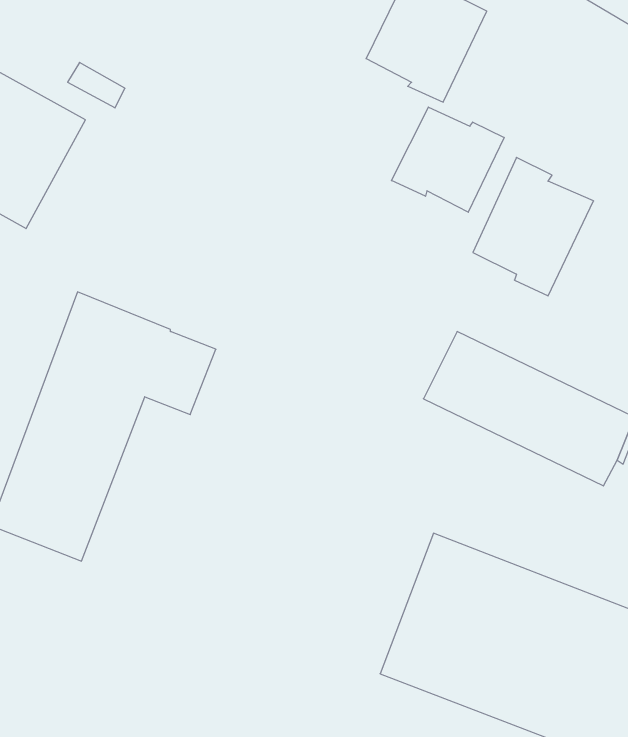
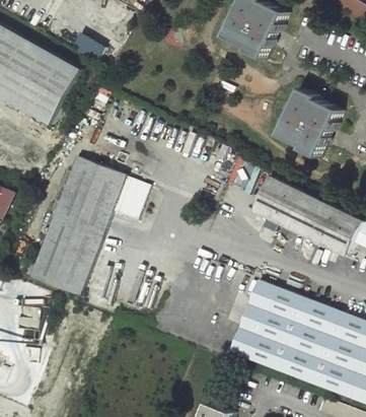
building: [391,107,504,212] -> none

